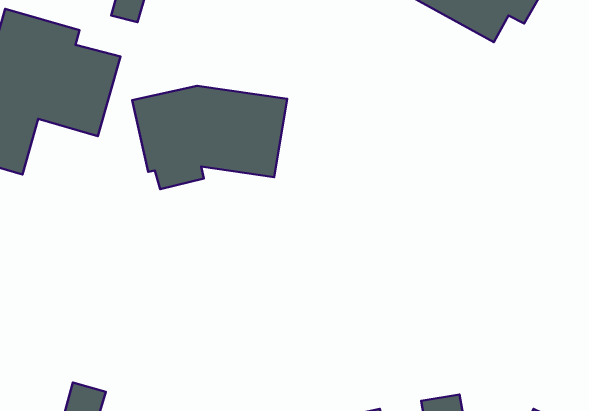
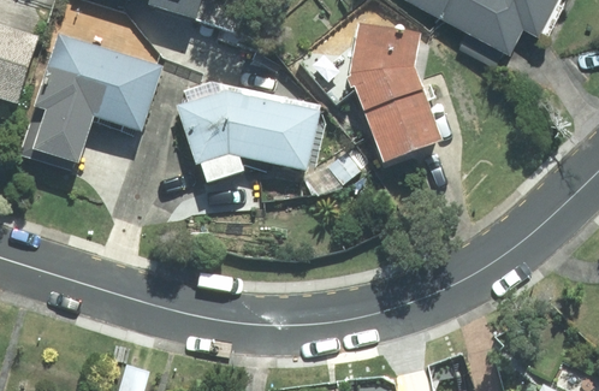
building: none -> [342,41,440,167]

